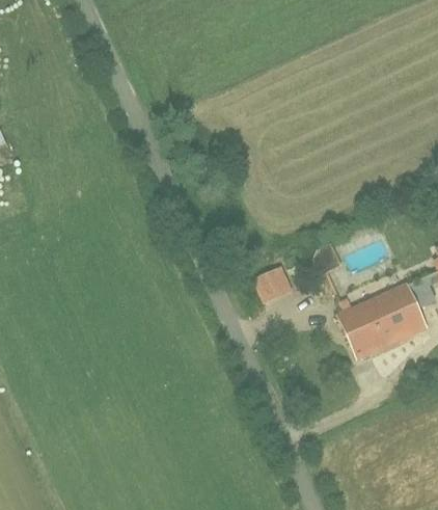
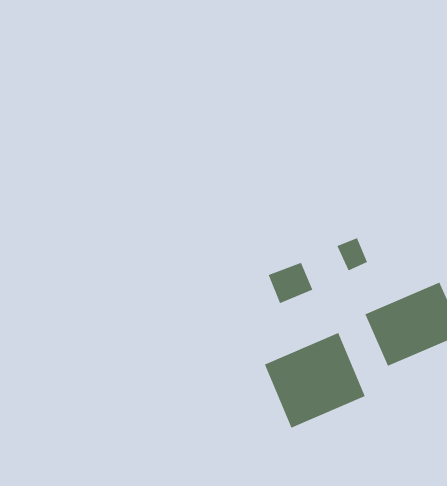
building: none -> [264,332,365,429]

